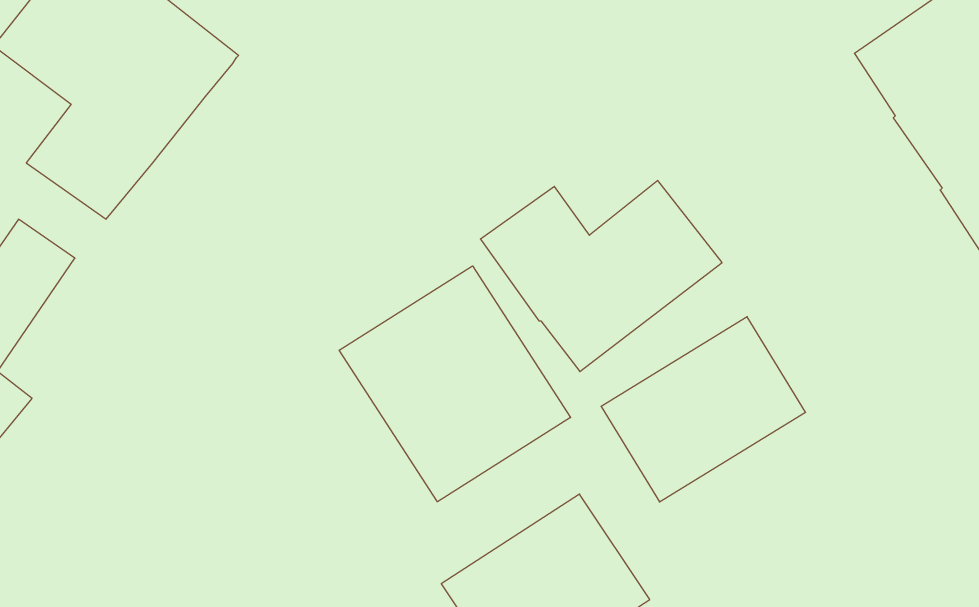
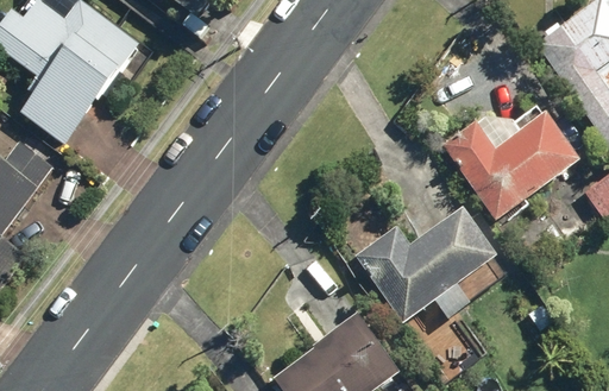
building: [480,181,722,372] -> [434,106,582,222]
building: [339,266,571,502] -> none

